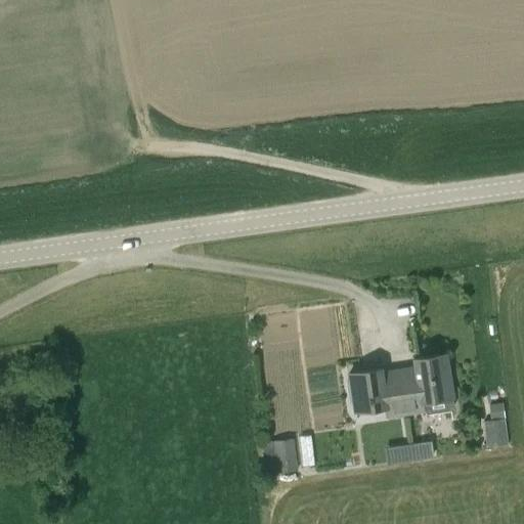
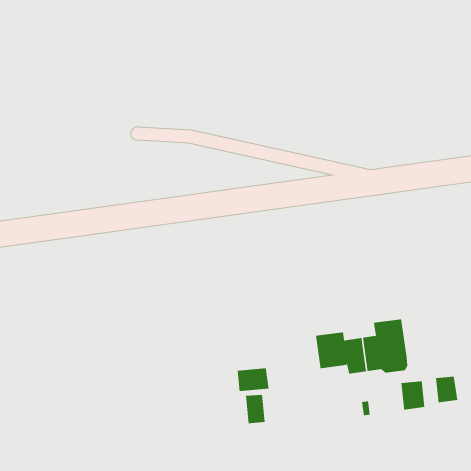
building: none -> [237,367,269,392]
building: none -> [401,380,425,411]

